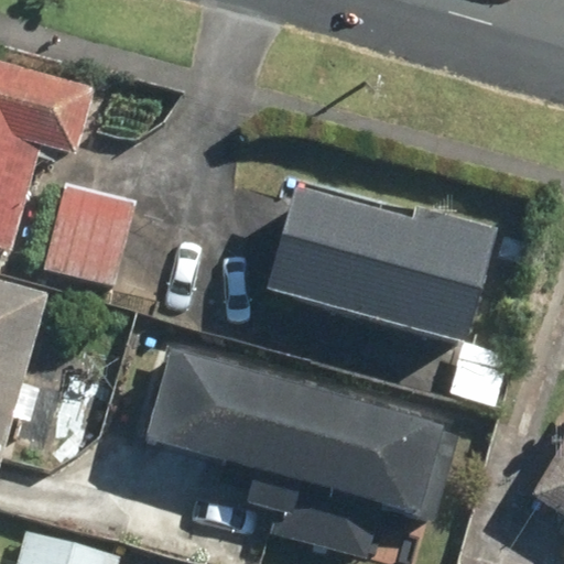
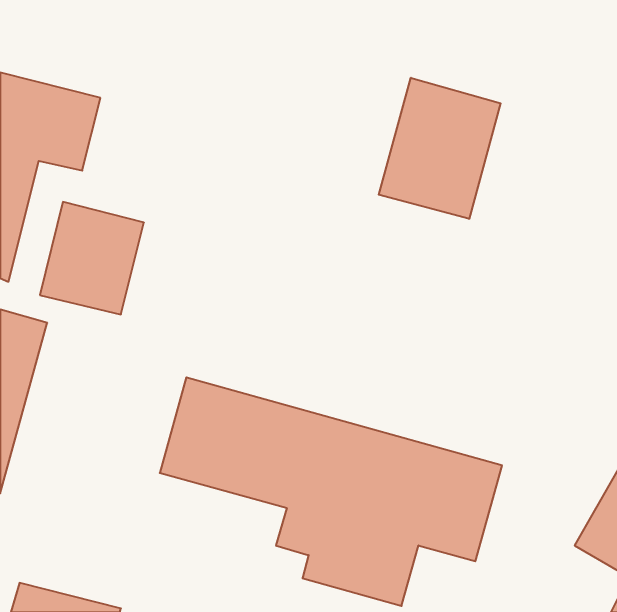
building: none -> [379,78,501,219]
building: [263,192,492,349] -> none

